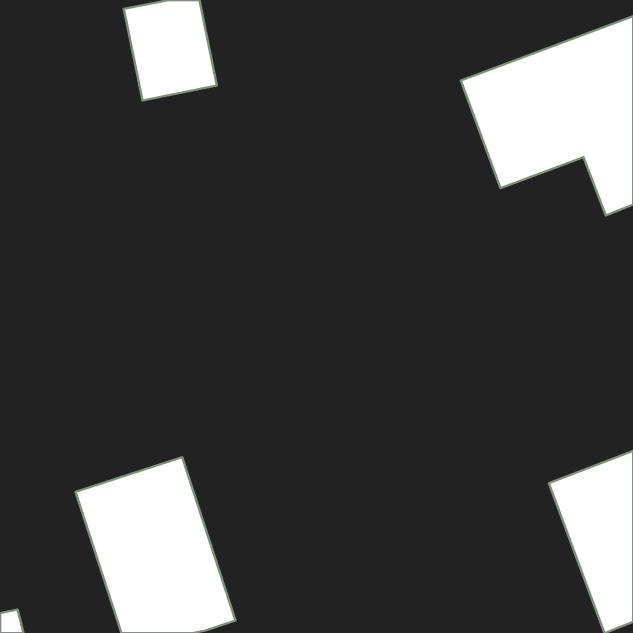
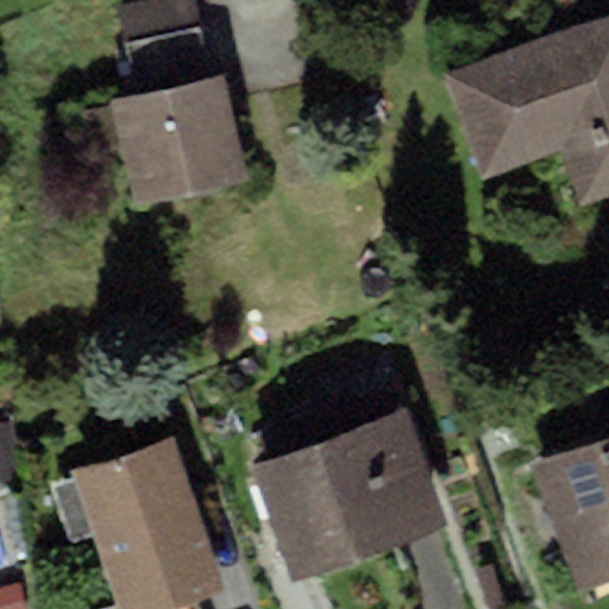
building: none -> [113,79,247,205]
building: none -> [258,410,444,573]

